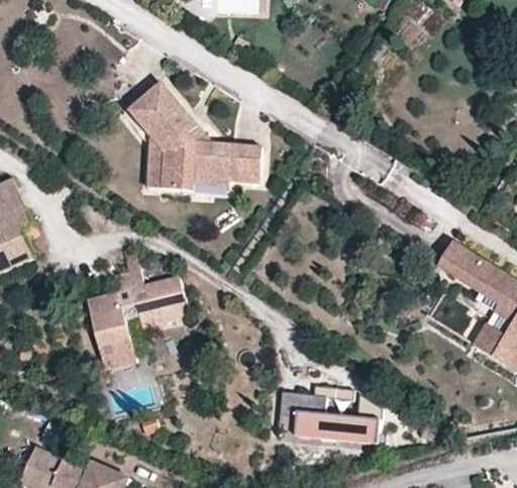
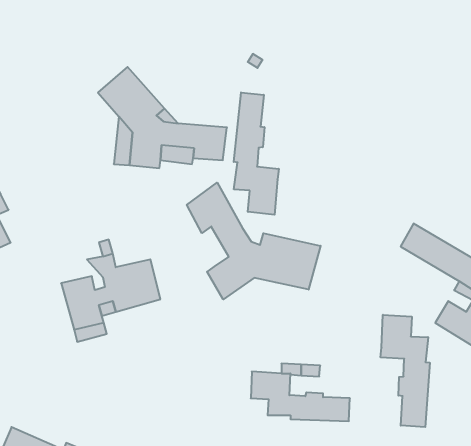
building: none -> [234,92,279,215]
building: none -> [187,183,321,299]
building: none -> [381,315,430,427]

